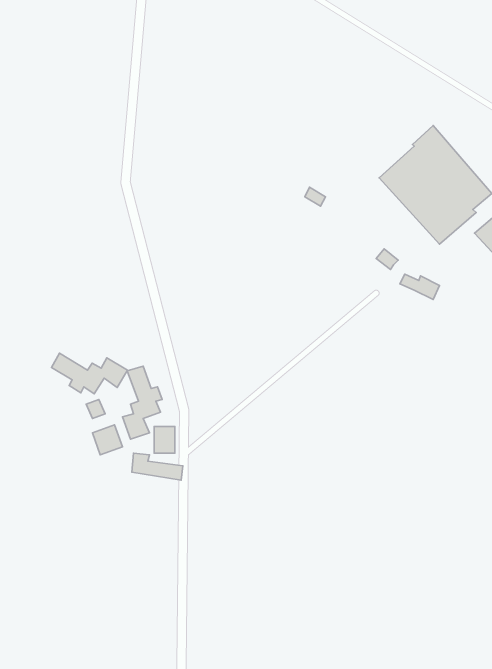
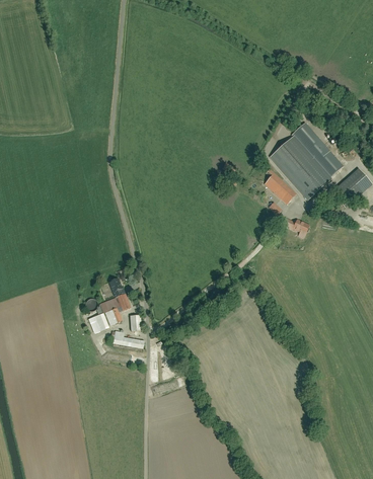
building: none -> [264,168,296,204]
building: [51,353,127,394] -> none

